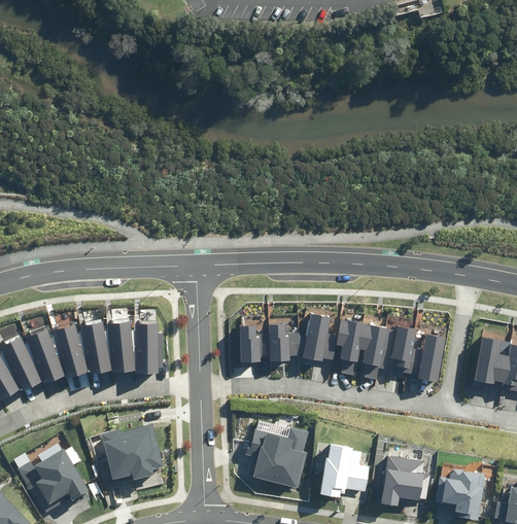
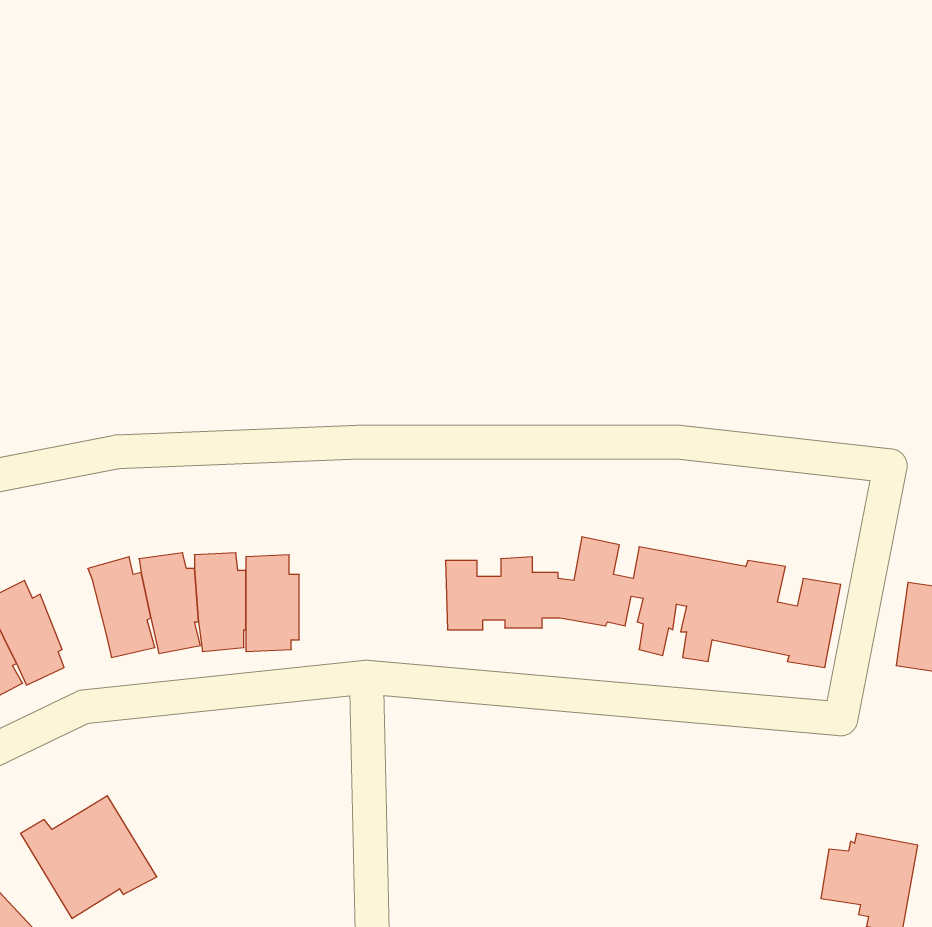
building: [25,327,64,382] -> none
building: [99,423,162,484] -> none
building: [244,426,308,487] -> none
building: [319,444,369,496] -> none
building: [379,455,429,504] -> none

